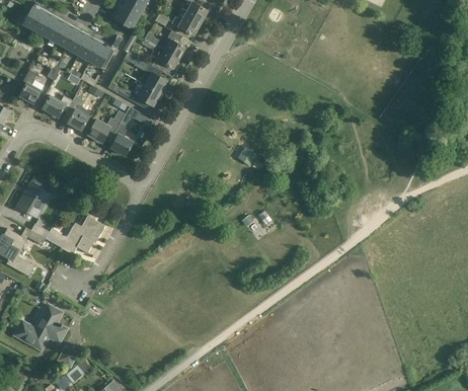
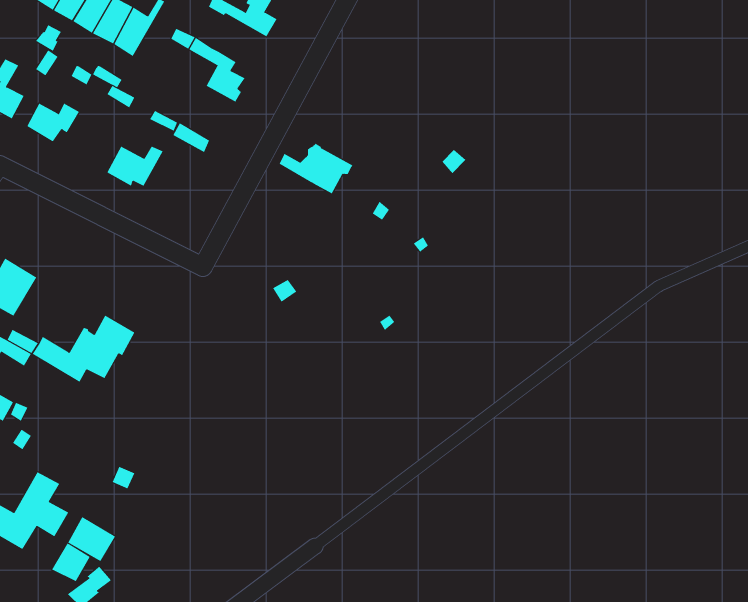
building: [150,45,179,72] -> none
building: [120,82,162,111] -> [279,142,354,194]
building: [66,95,89,131] -> none
building: [111,123,133,156] -> none
building: none -> [67,516,116,562]

